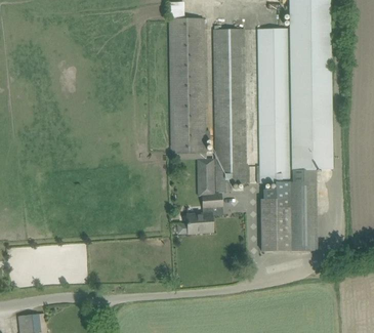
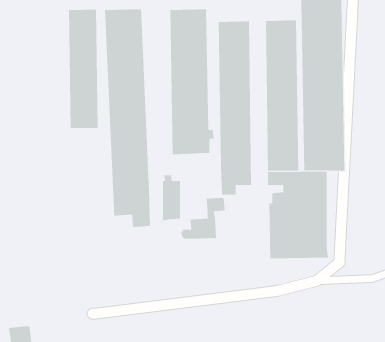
building: none -> [105,9,150,228]
building: none -> [68,9,98,129]
building: [197,153,214,196] -> [162,175,181,221]

